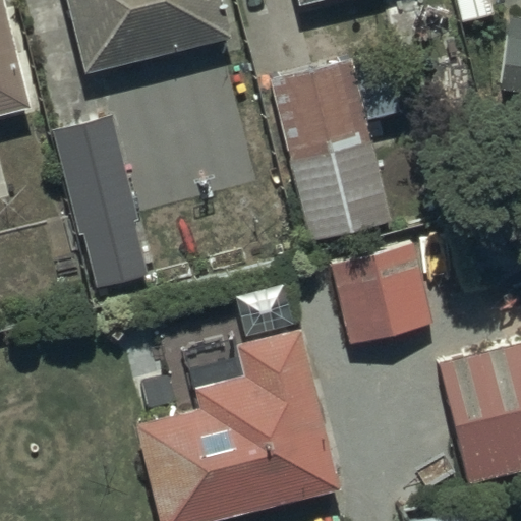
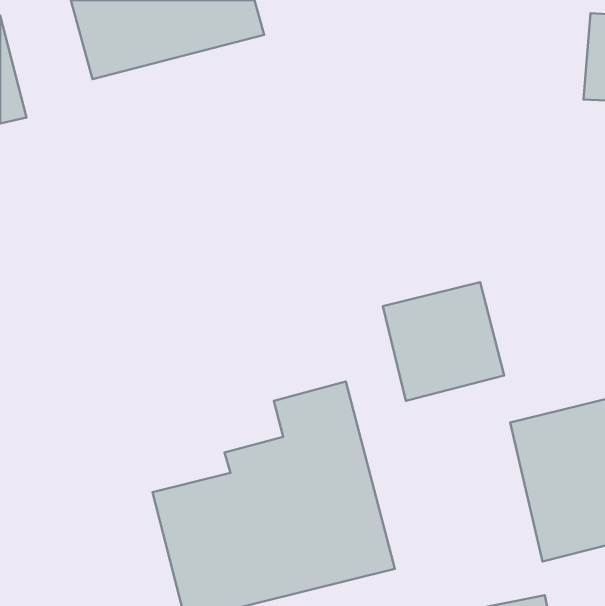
building: [271,60,393,244] -> none
building: [54,116,138,285] -> none

